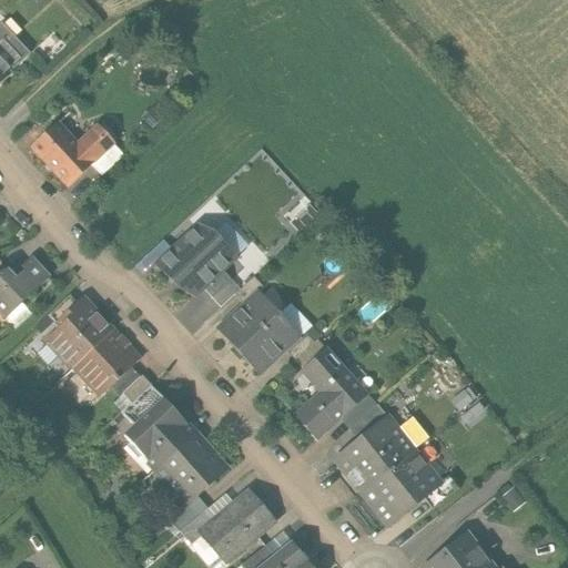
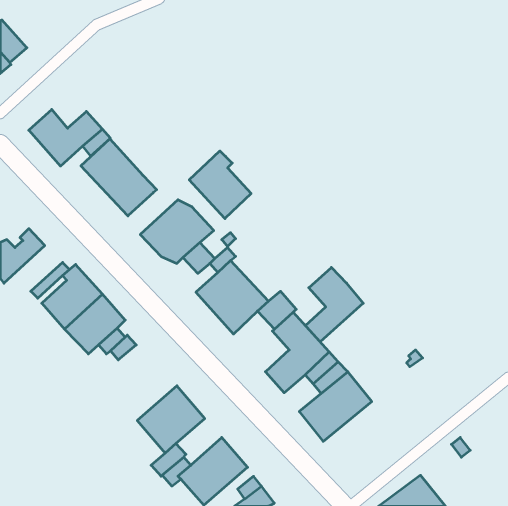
building: none -> [81,139,157,216]
building: none -> [189,151,251,219]
building: none -> [305,267,363,342]
building: [124,398,197,469] -> none
building: [361,448,442,526] -> none

